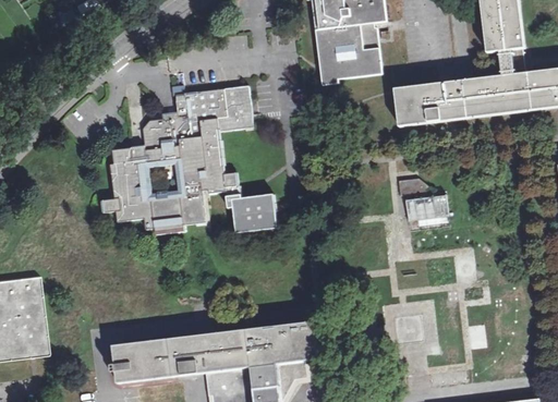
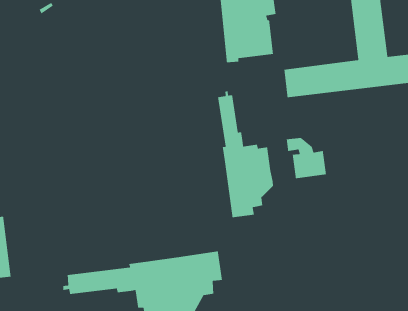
building: [102,84,277,233] -> none
building: none -> [217,90,274,218]

